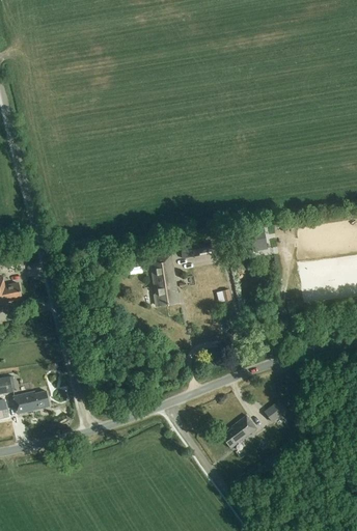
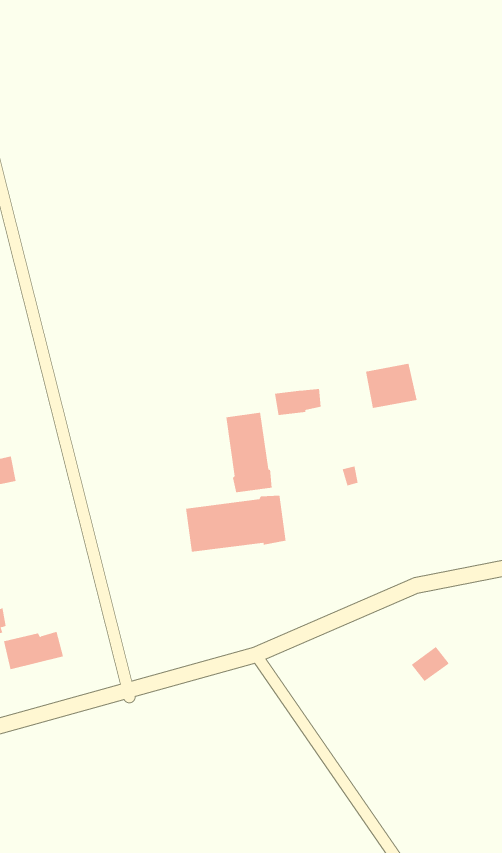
building: none -> [186,495,286,552]
building: [222,415,257,448] -> none

